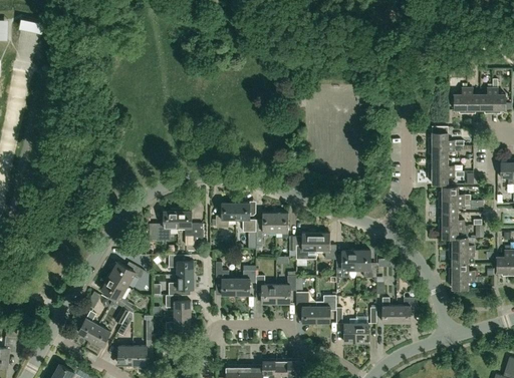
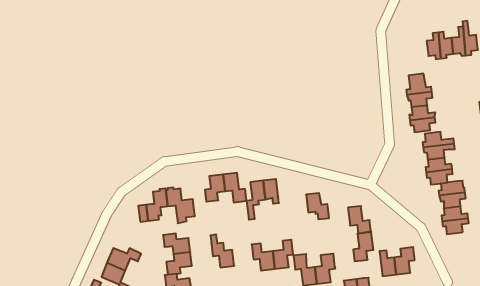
building: [296,233,316,260] -> none
building: [336,251,356,278] -> [353,232,373,261]
building: [236,271,256,295] -> none

